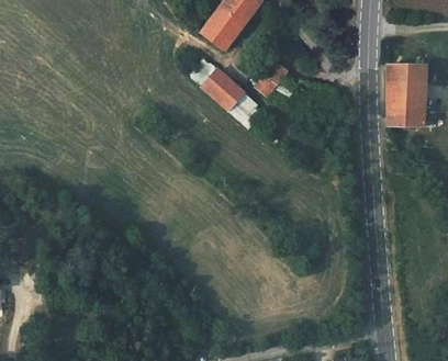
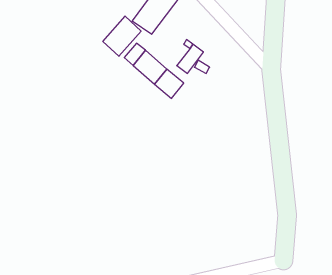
building: none -> [103,16,141,56]
building: [387,65,425,126] -> none

